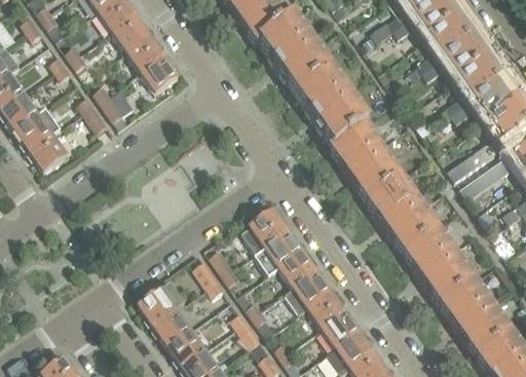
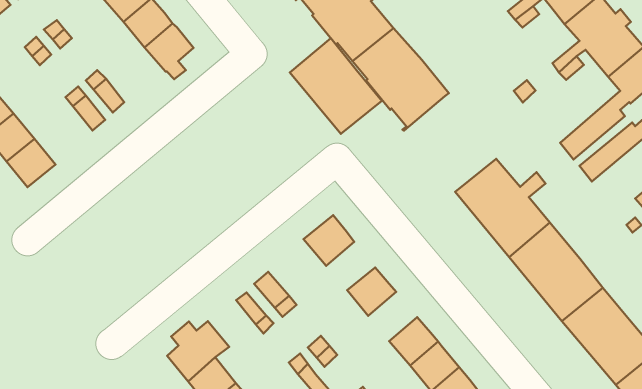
building: [333,125,401,198] -> [290,38,382,134]
building: [256,230,303,273] -> none
building: [295,270,332,307] -> none

